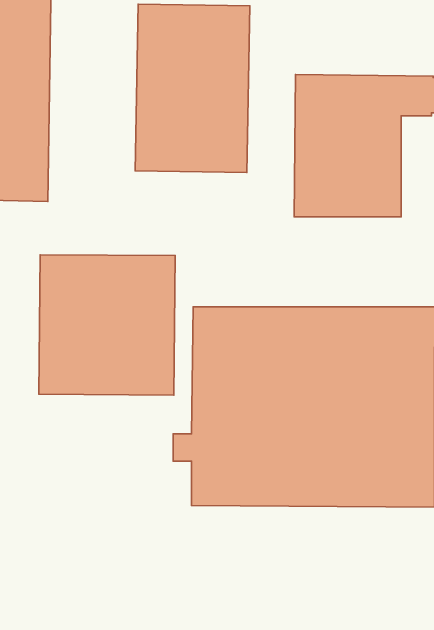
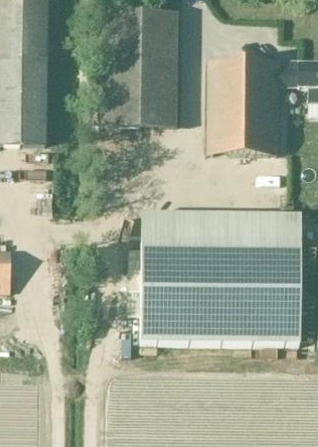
building: [39,255,175,395] -> none

